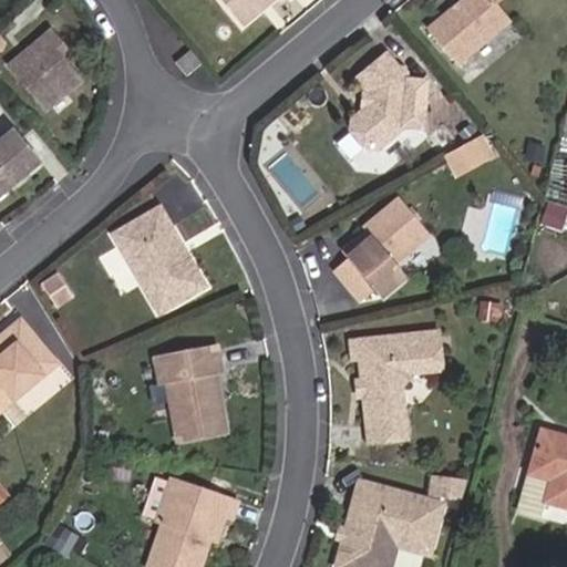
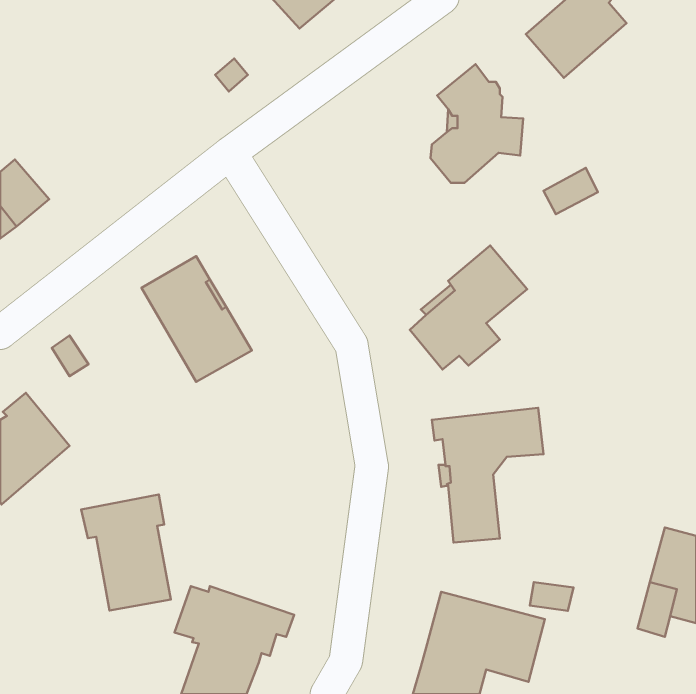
building: [9,30,81,109] -> none
building: [154,346,227,440] -> [81,494,171,610]

